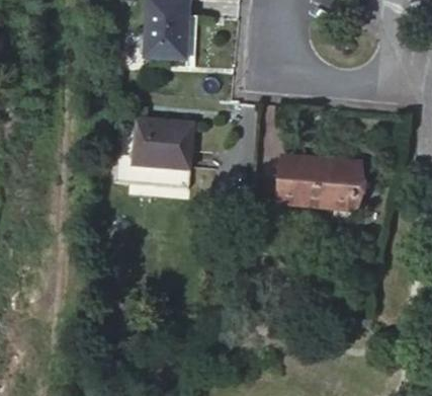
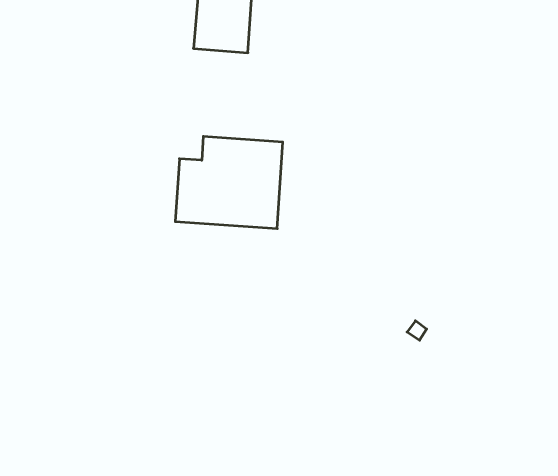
building: [276,154,357,209] -> none

